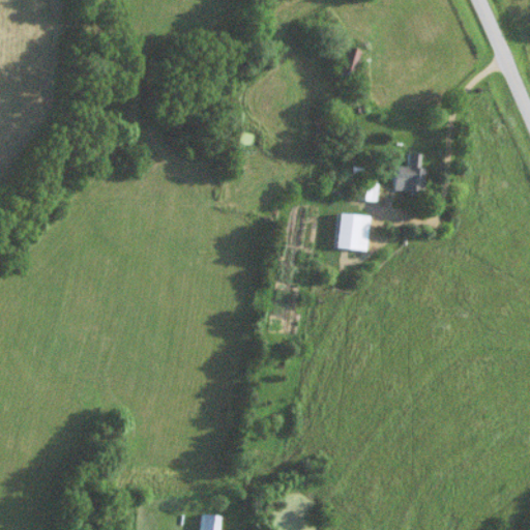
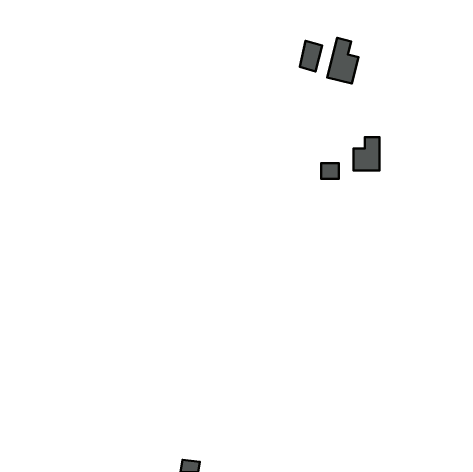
building: none -> [327,38,358,83]
building: [335,213,371,251] -> none

